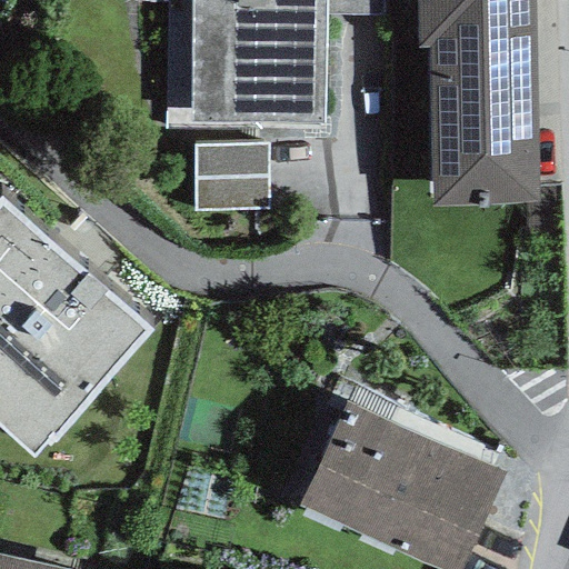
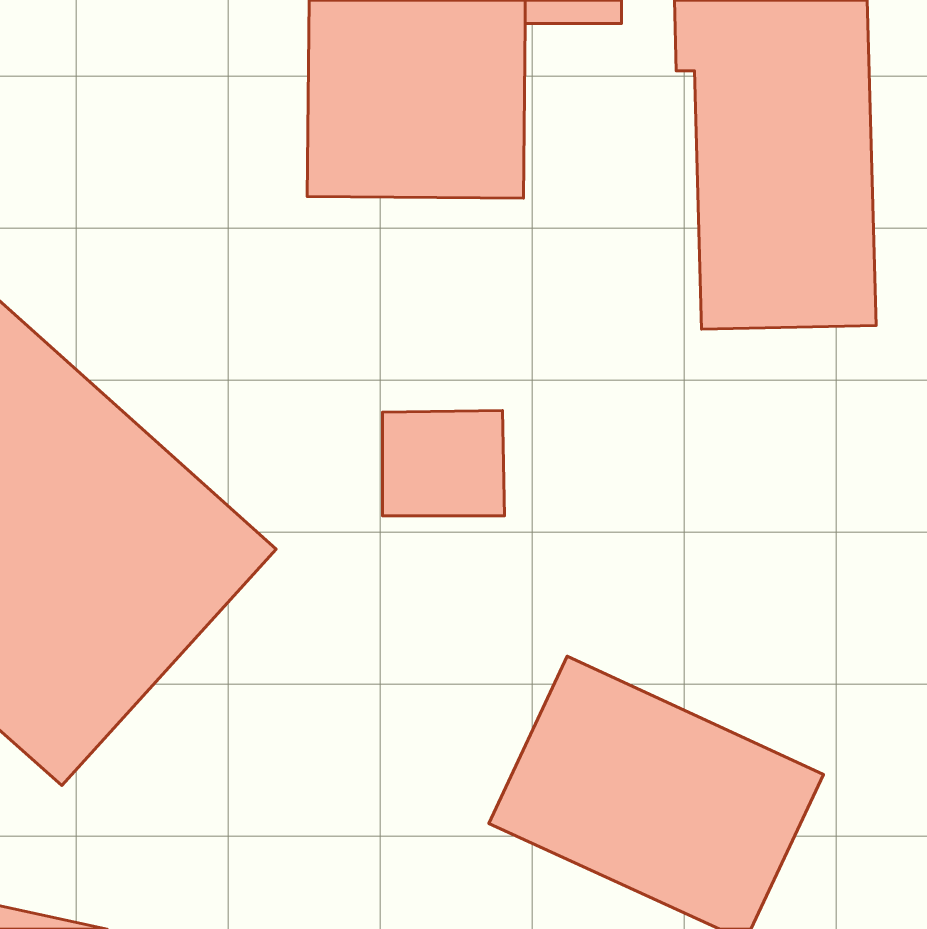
building: [192,144,267,209] -> [383,410,504,516]

